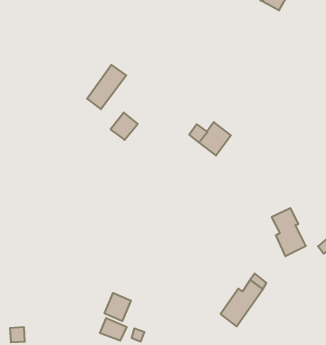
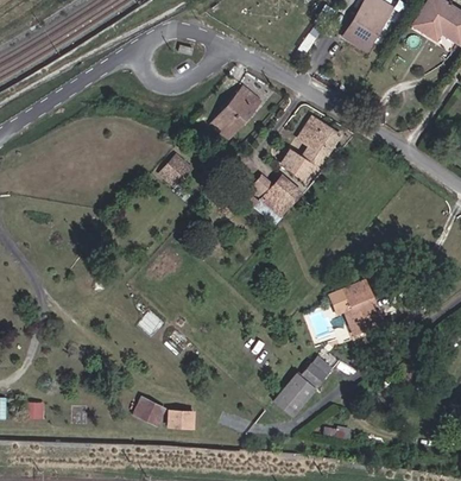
building: [87,65,126,109] -> [213,87,260,138]
building: none -> [280,116,339,179]
building: [105,293,131,321] -> none

